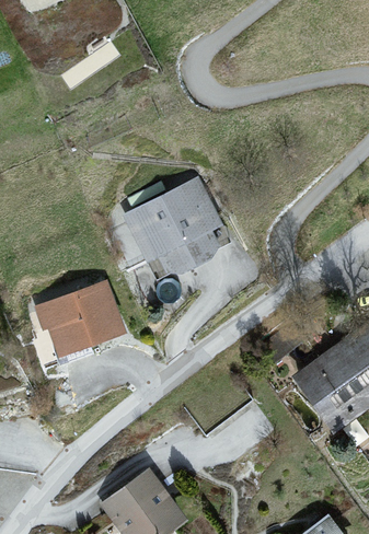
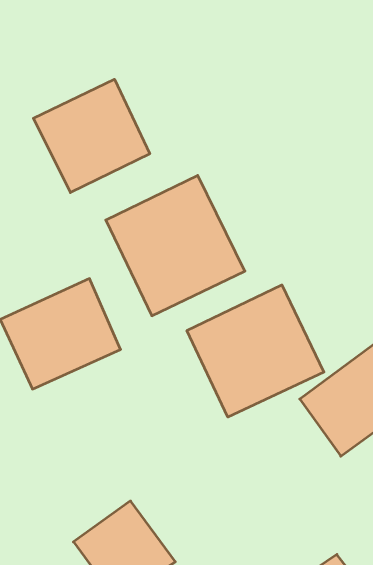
building: none -> [33,79,150,193]
building: none -> [187,285,324,417]

